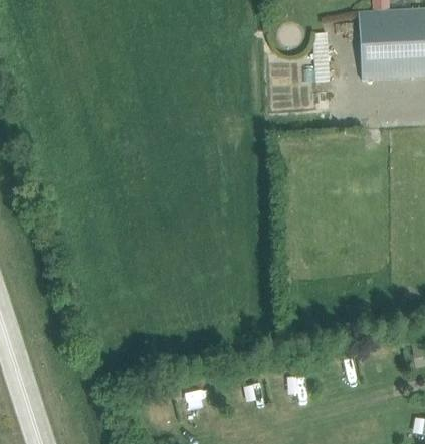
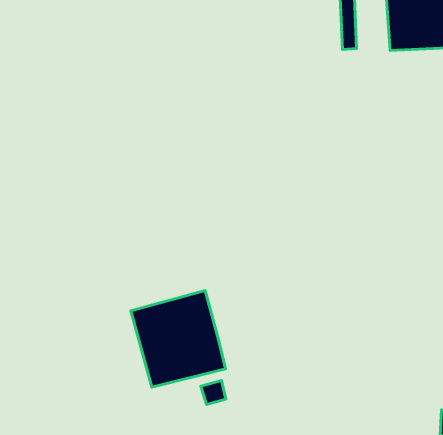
building: none -> [131,290,226,387]

